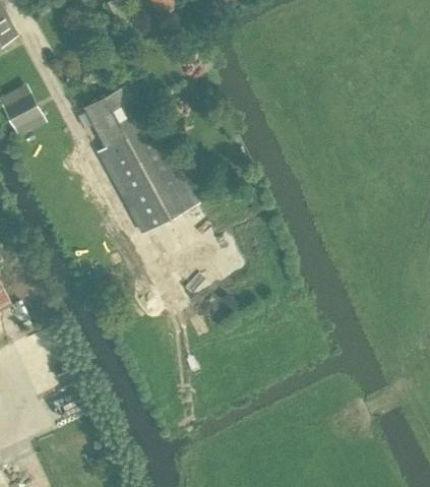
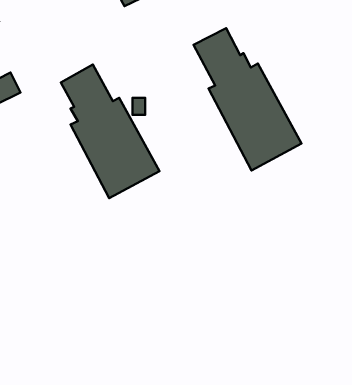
building: none -> [193,28,302,170]

